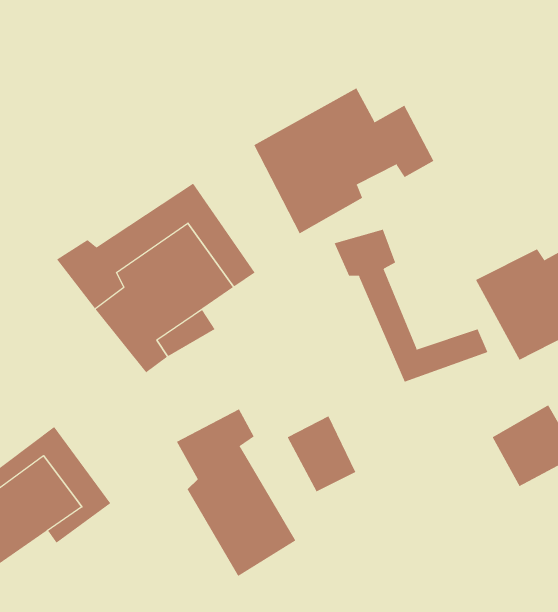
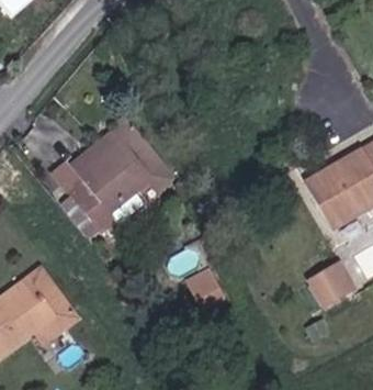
building: [253,87,434,234] -> none
building: [334,229,488,382] -> none
building: [176,409,296,577] -> none

